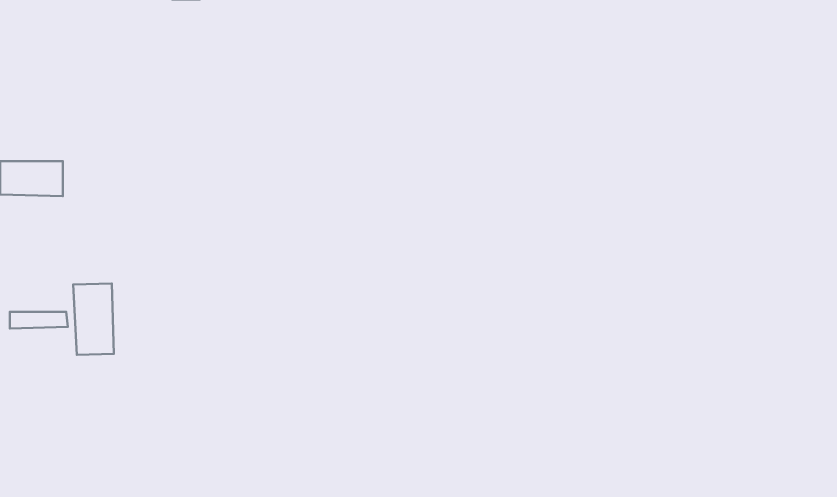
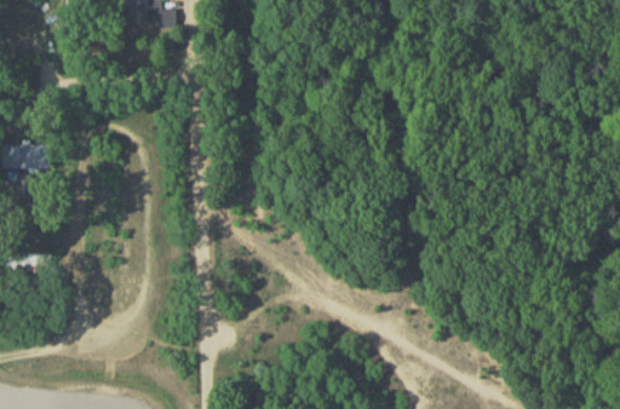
building: [73,284,114,355] -> none

